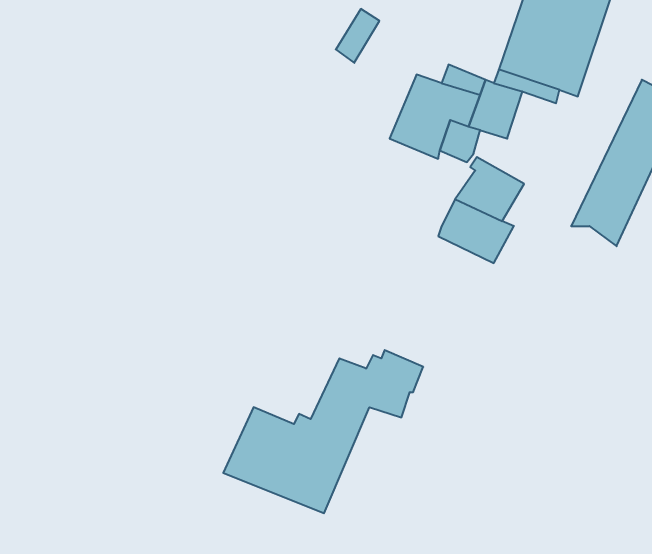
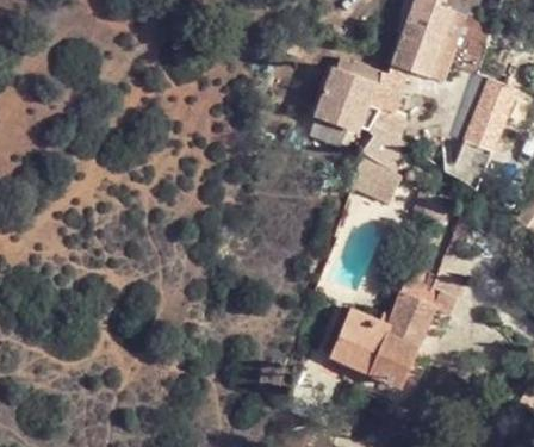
building: [223,350,423,513] -> [329,269,471,385]

